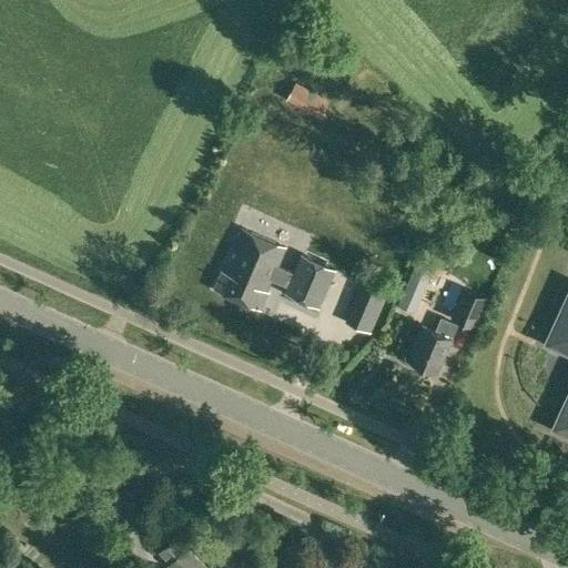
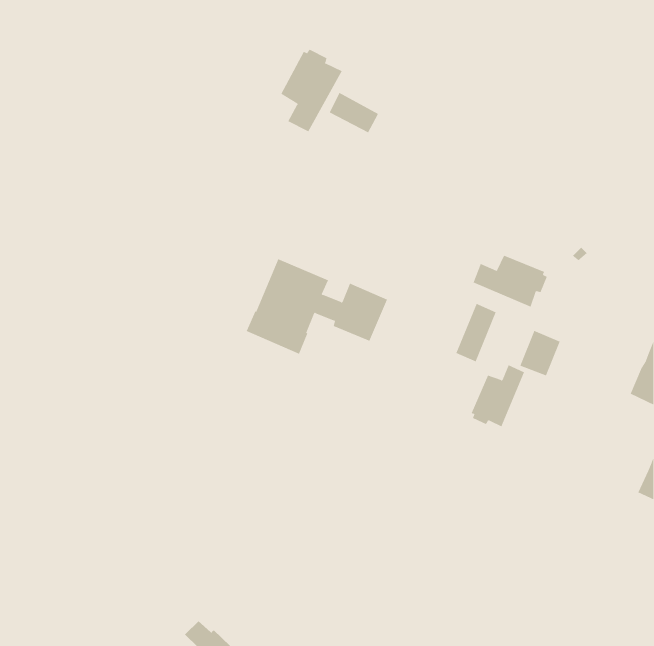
building: none -> [280,49,342,132]
building: none -> [473,255,547,307]
building: [354,288,386,325] -> none

